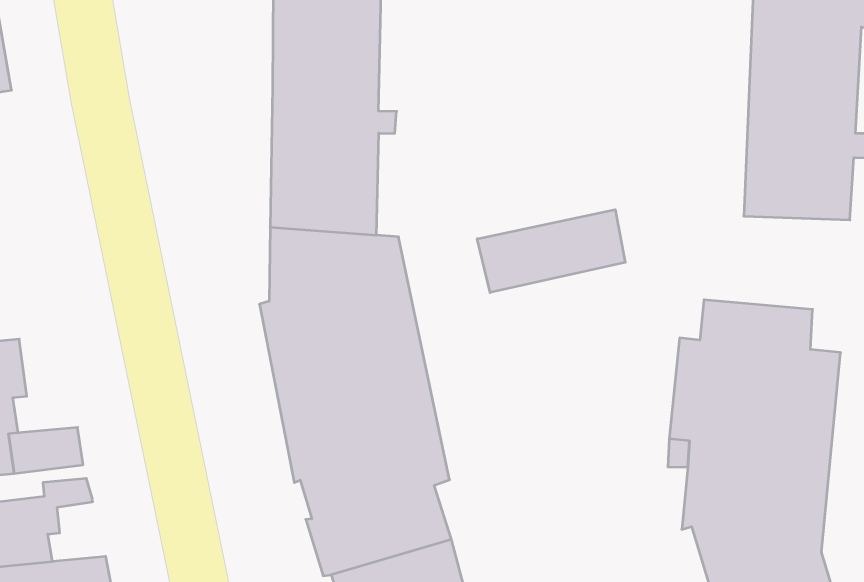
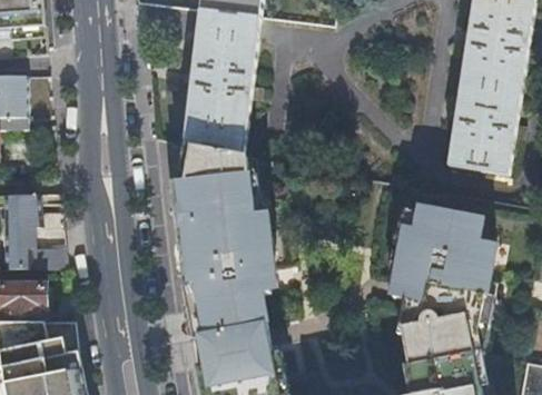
building: [477,210,625,293] -> none

